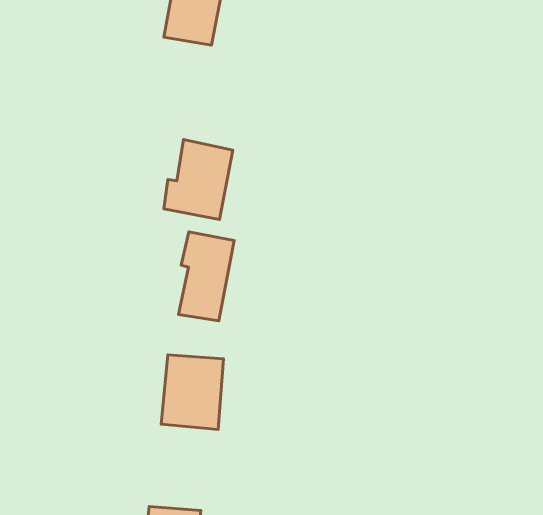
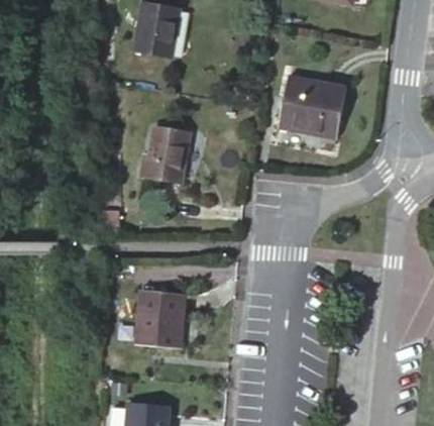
building: none -> [279,74,348,135]
building: [178,232,234,321] -> none

